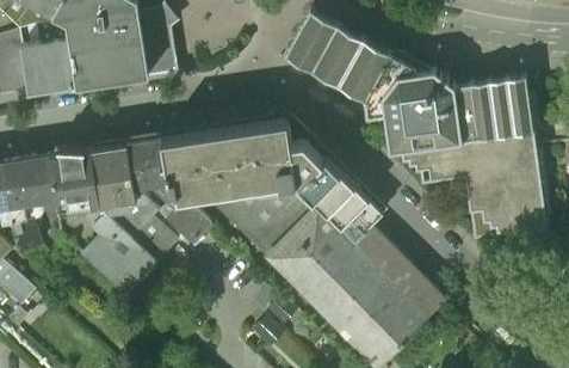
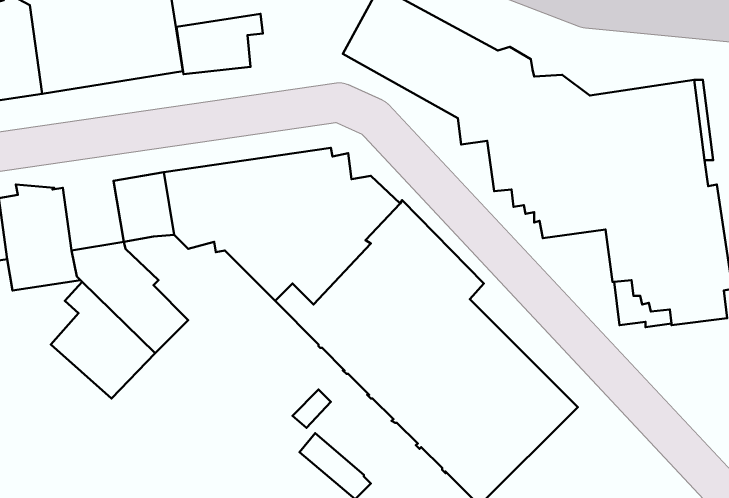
building: none -> [176,14,263,74]
building: [92,145,134,192] -> none
building: [154,182,211,245] -> none

